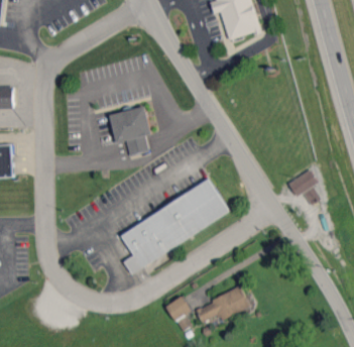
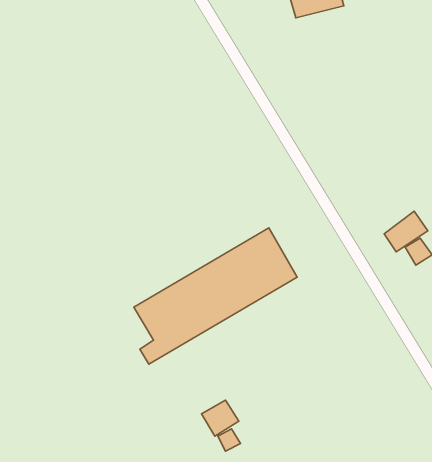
building: [109,106,150,155] -> none
building: [194,286,248,322] -> none

